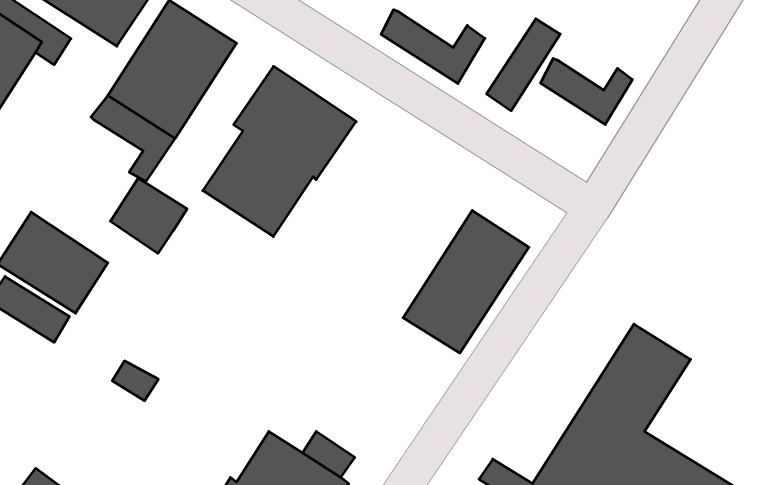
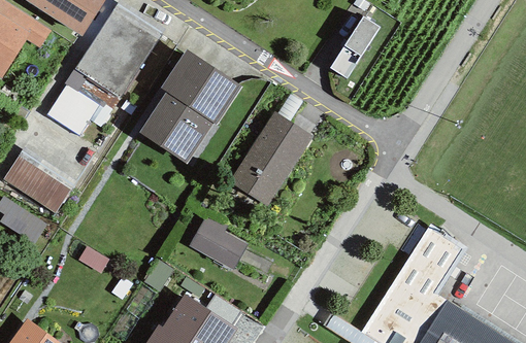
building: [381,10,485,84] -> none
building: [541,58,632,125] -> none
building: [110,178,187,253] -> [46,85,98,136]
building: [403,210,529,353] -> [228,111,313,207]
building: none -> [189,216,246,271]

